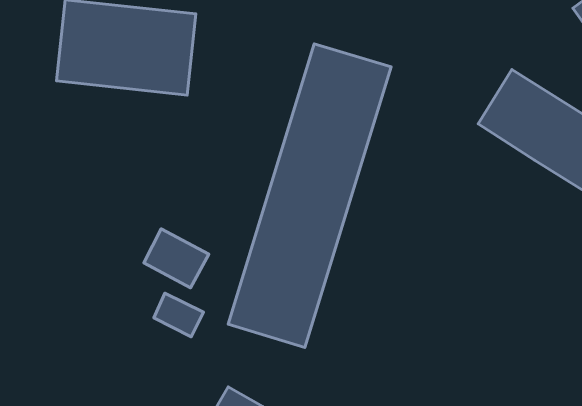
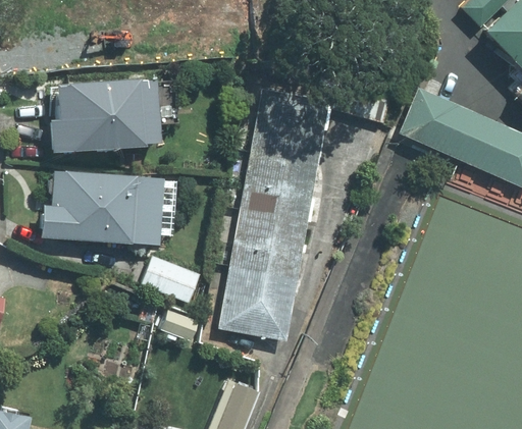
building: none -> [46,170,164,242]

